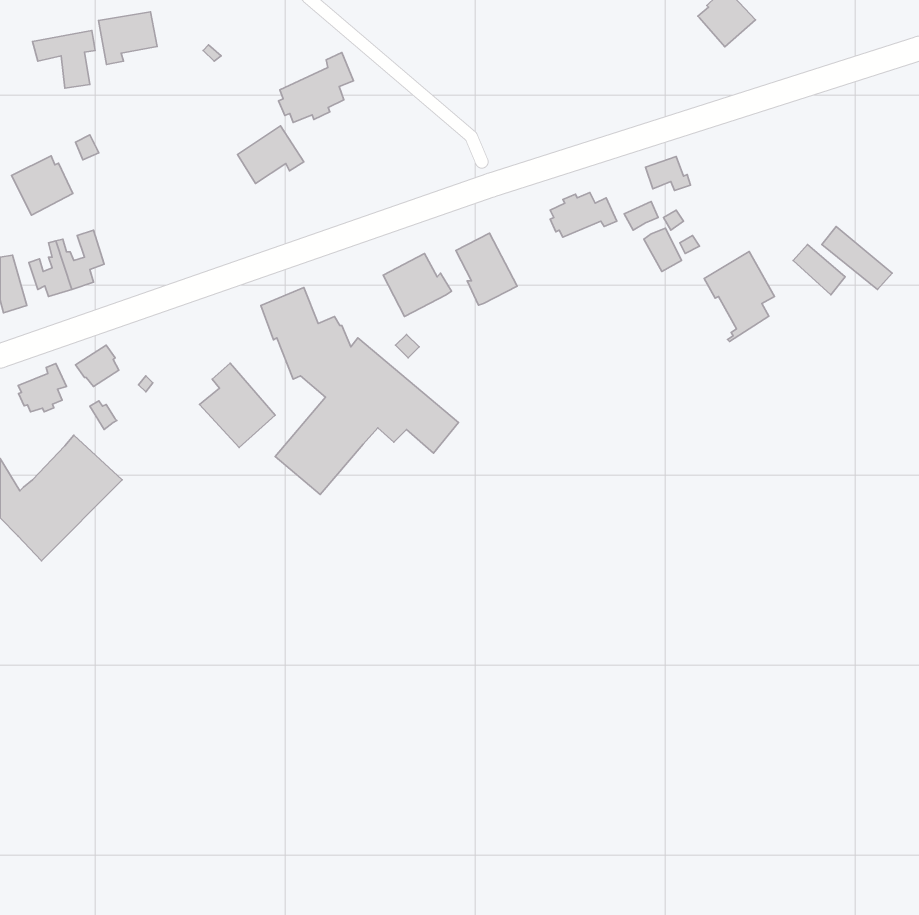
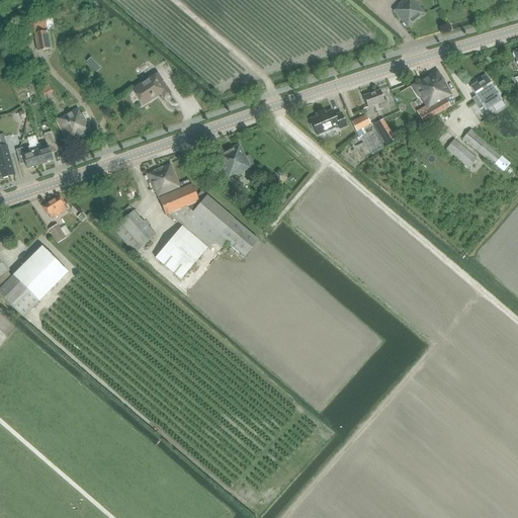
building: [99,12,157,65] -> none
building: [278,52,353,123] -> none
building: none -> [469,73,500,107]
building: [12,156,73,215] -> [56,107,90,141]
building: [456,233,517,305] -> none
building: [704,252,774,341] -> [412,69,451,119]
building: [18,363,67,412] -> none

